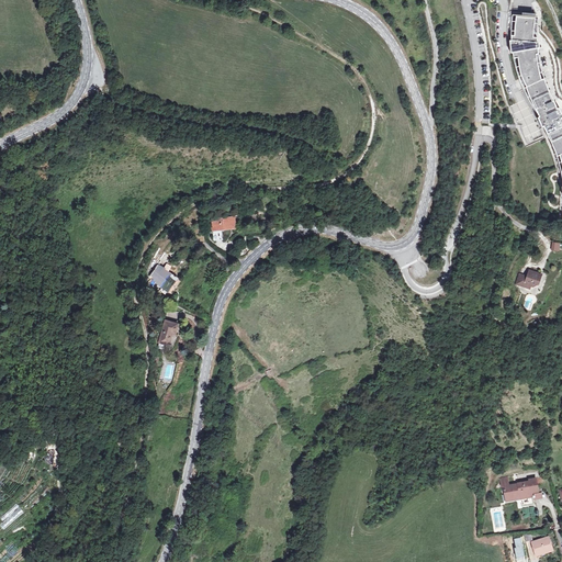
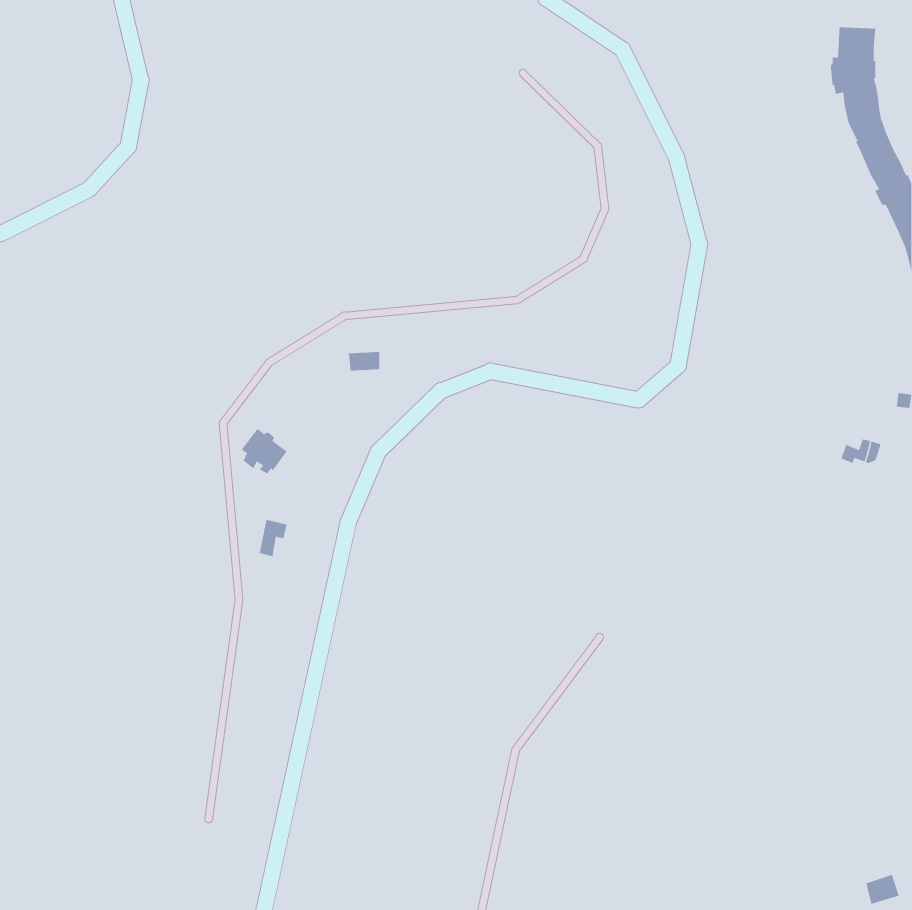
building: [503,479,538,505] -> none

